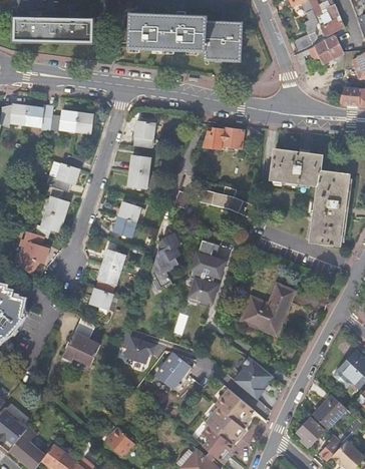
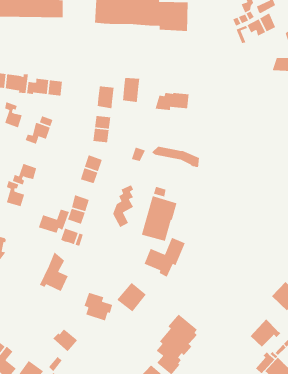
building: none -> [122,77,140,103]
building: [270,146,351,246] -> none
building: [45,185,67,217] -> [4,101,23,128]
building: none -> [38,209,70,234]
building: [243,285,293,333] -> [143,237,186,278]
building: [121,329,156,364] -> [83,292,113,322]
building: [232,357,272,399] -> none
building: [296,417,323,444] -> none
building: [103,427,133,456] -> [53,327,78,352]

